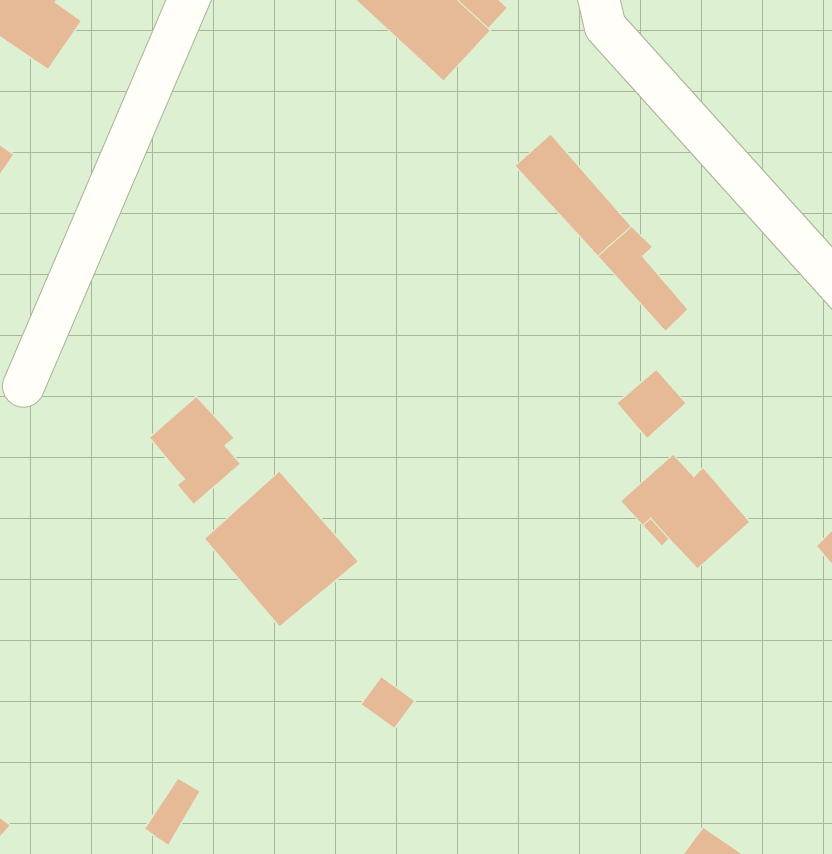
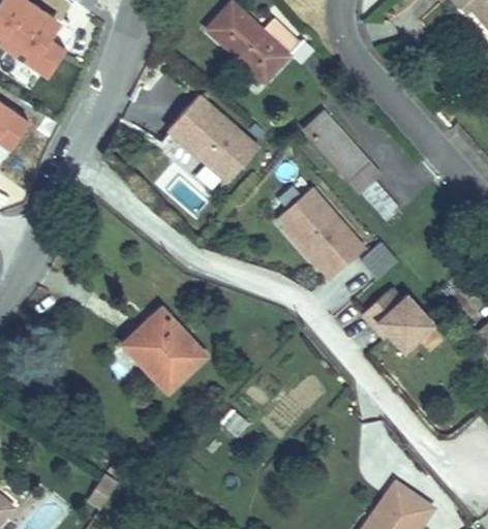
building: none -> [166,94,258,183]
building: none -> [278,190,361,276]
building: [149,396,241,505] -> none

